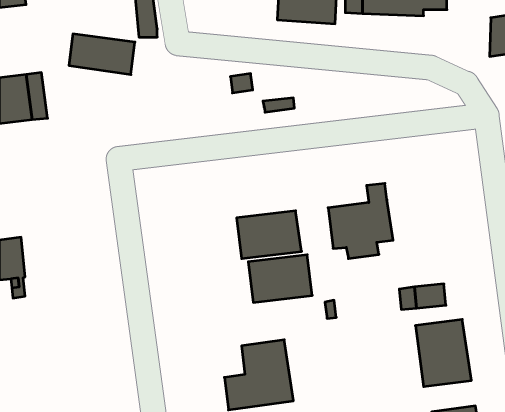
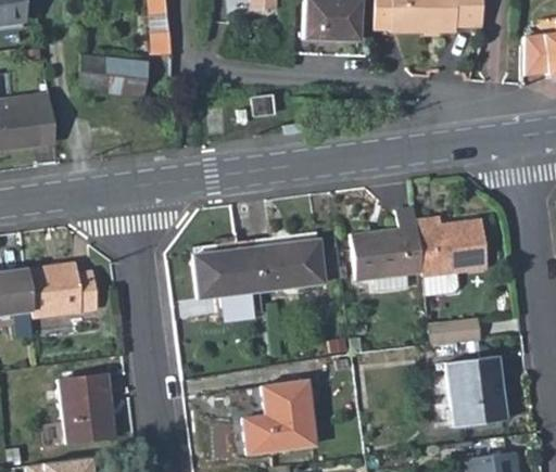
building: none -> [418,219,490,298]
building: none -> [27,263,96,317]
building: [248,255,312,302] -> [194,248,263,299]
building: none -> [58,373,111,442]

